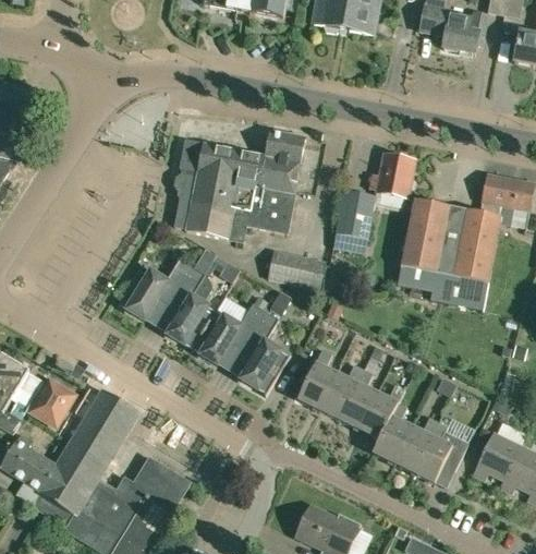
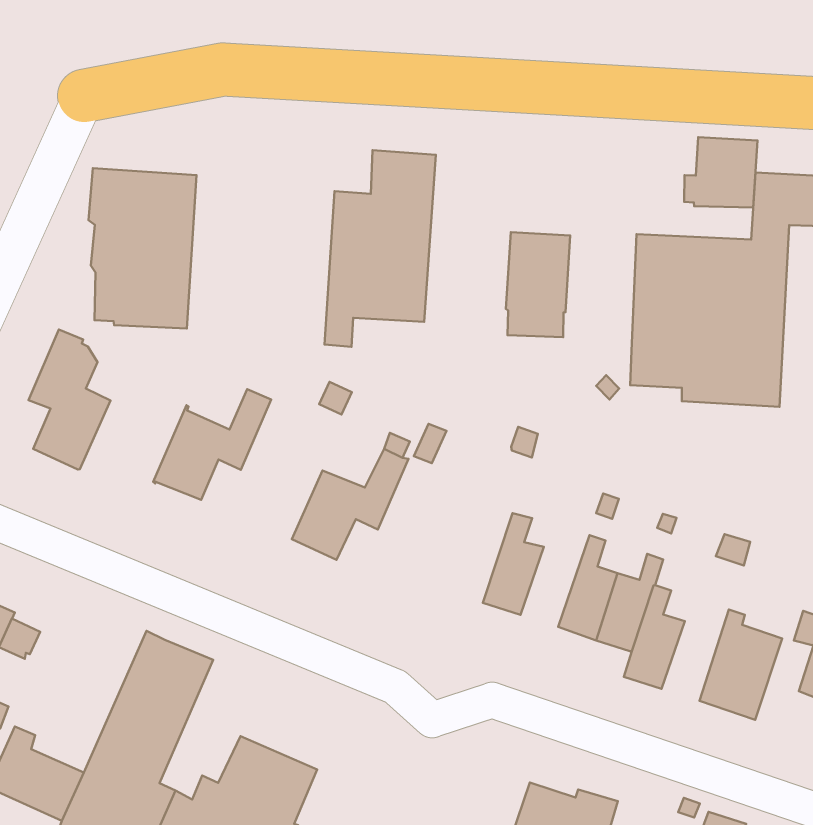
building: [174,140,244,239] -> [89,168,196,329]
building: [370,154,417,198] -> [684,137,758,208]
building: [267,250,325,291] -> none
building: [168,266,216,348] -> [29,329,110,469]
building: [241,311,290,395] -> none
building: [318,364,364,419] -> none
building: [25,381,73,426] -> none
building: [393,418,438,472] -> none

